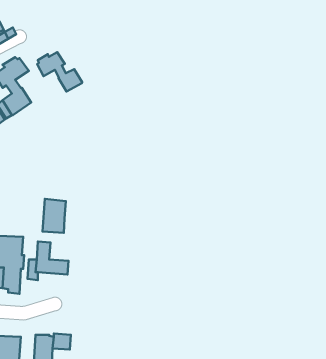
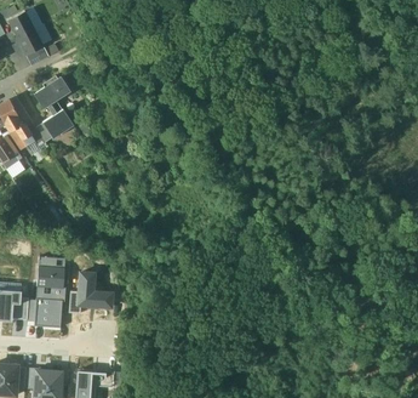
building: [37,52,82,91] -> none
building: [42,199,66,233] -> none

